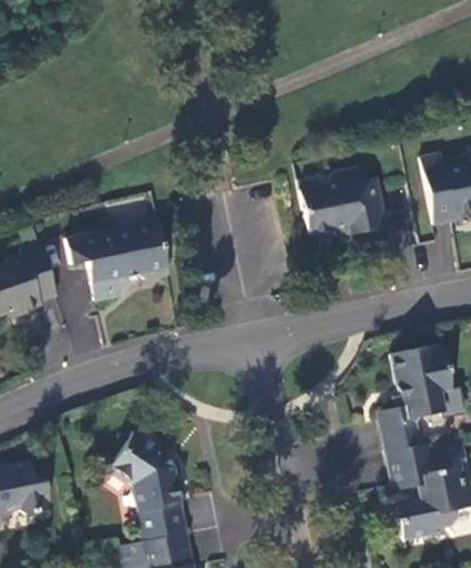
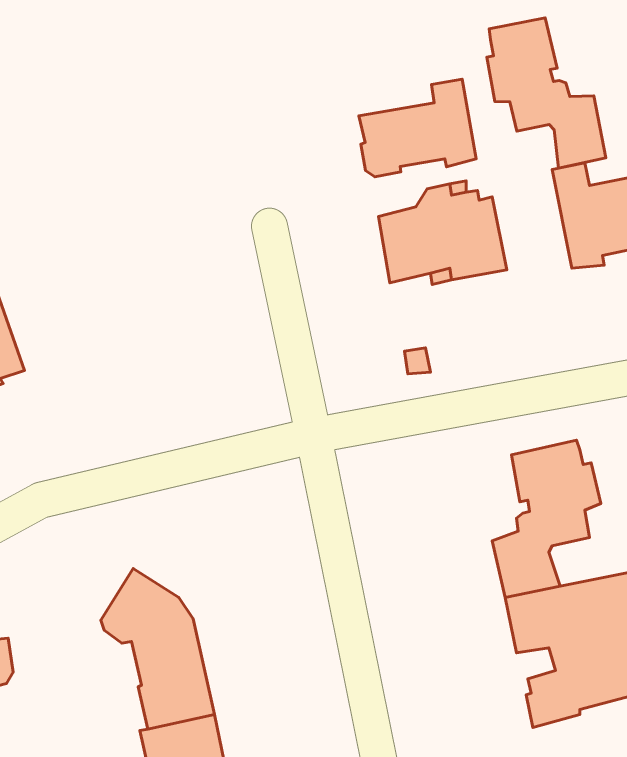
building: none -> [487,18,606,168]
building: none -> [359,79,476,177]
building: [64,215,168,298] -> none

